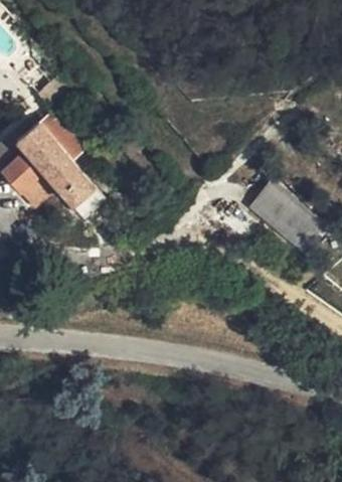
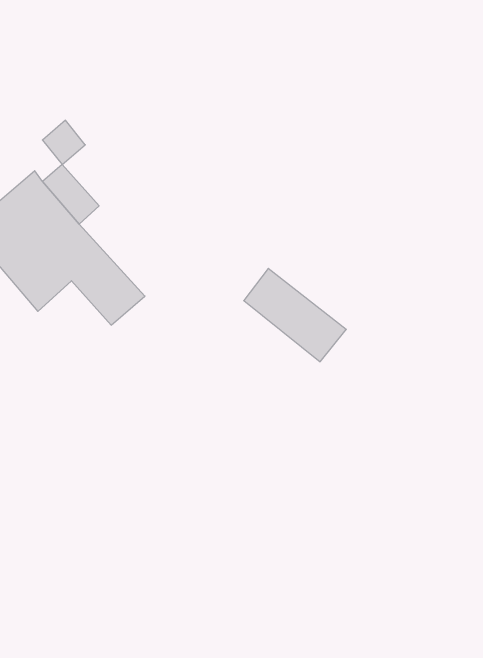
building: [254,186,322,248] -> [244,268,346,362]

